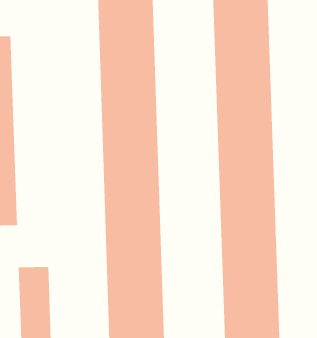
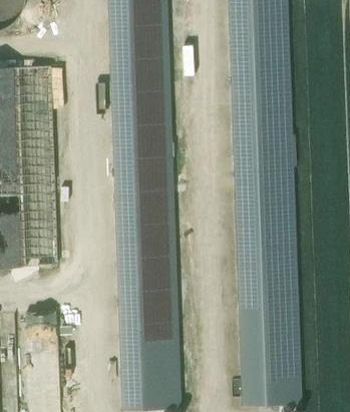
building: none -> [17,65,55,266]

